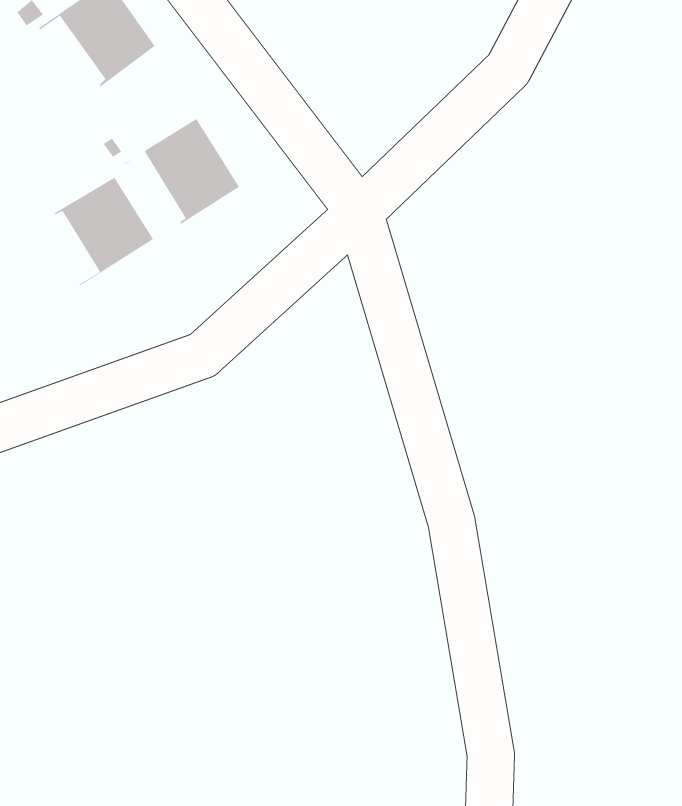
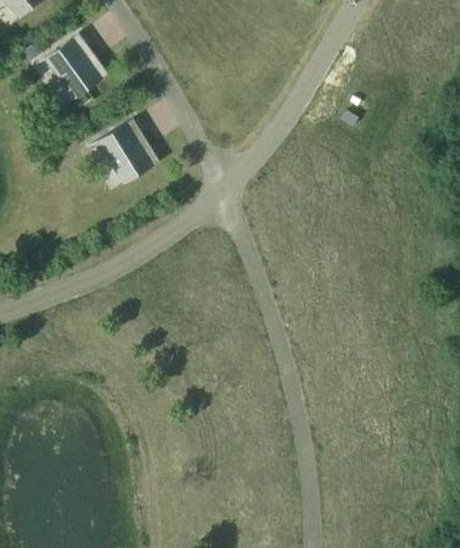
building: [54,177,154,287] -> none

